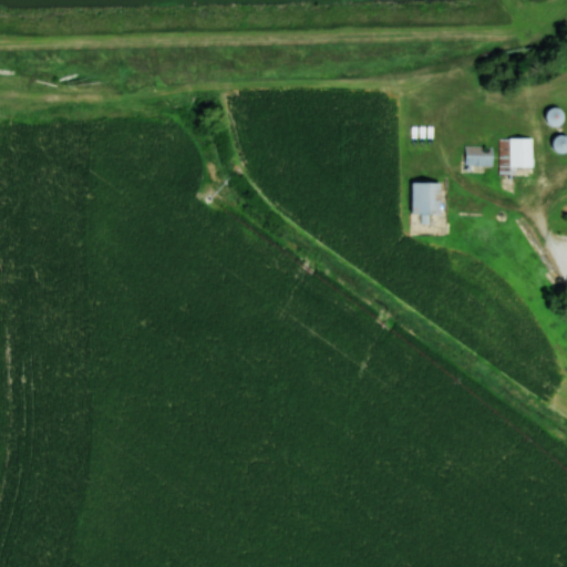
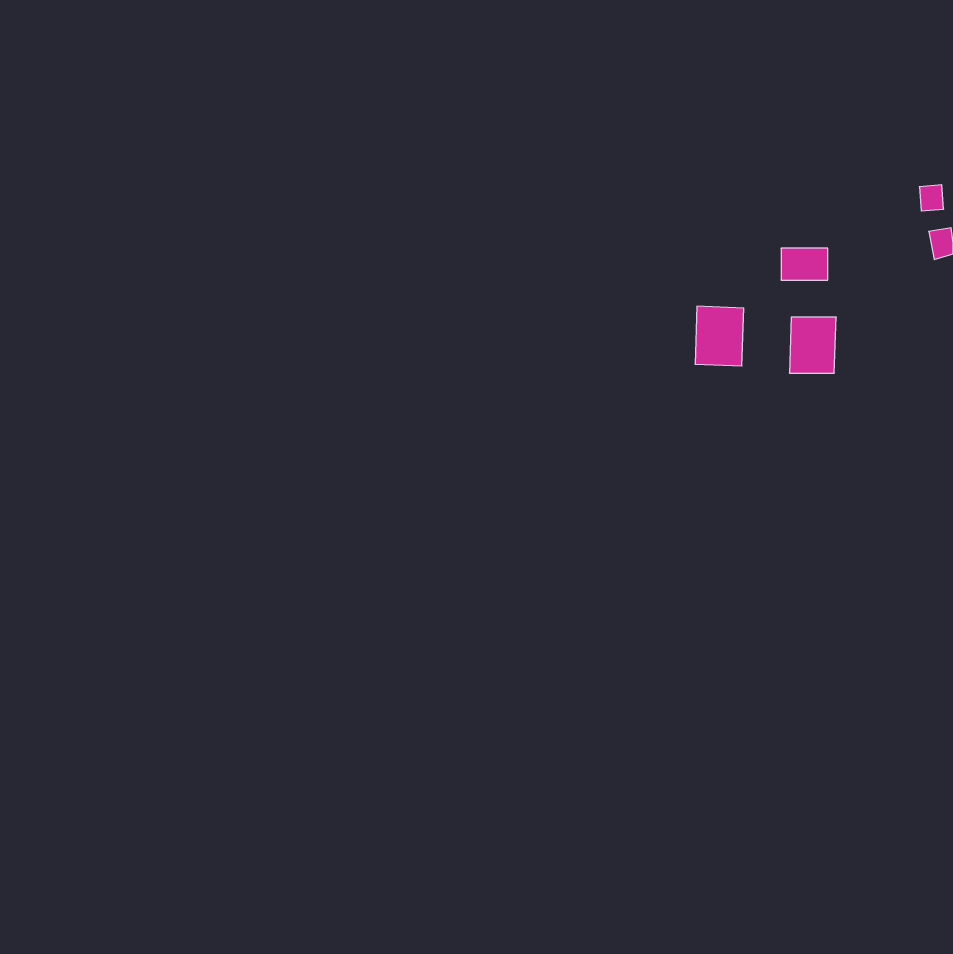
building: [507,138,535,172] -> [789,317,836,373]

